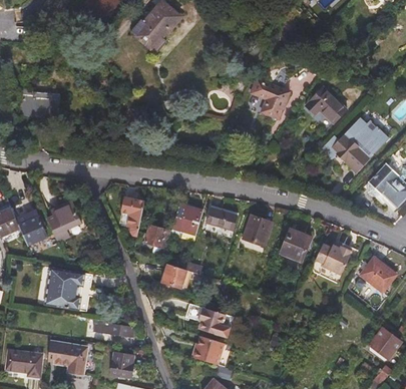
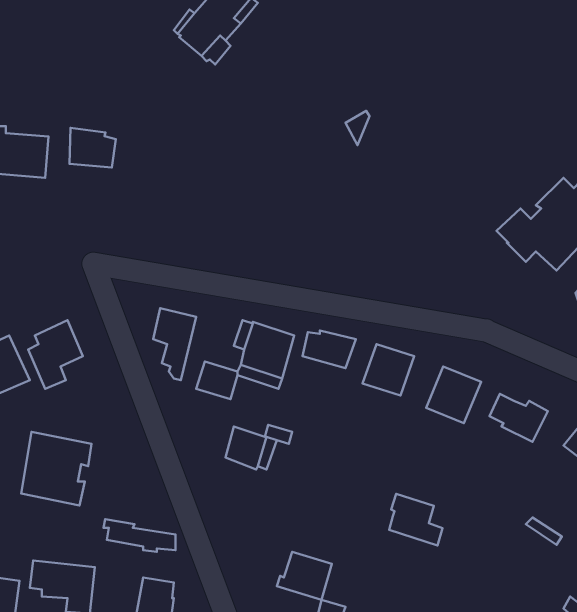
building: [252,79,289,118] -> none
building: [307,88,346,123] -> none
building: none -> [70,128,116,167]
building: [200,309,232,339] -> [389,494,442,545]

